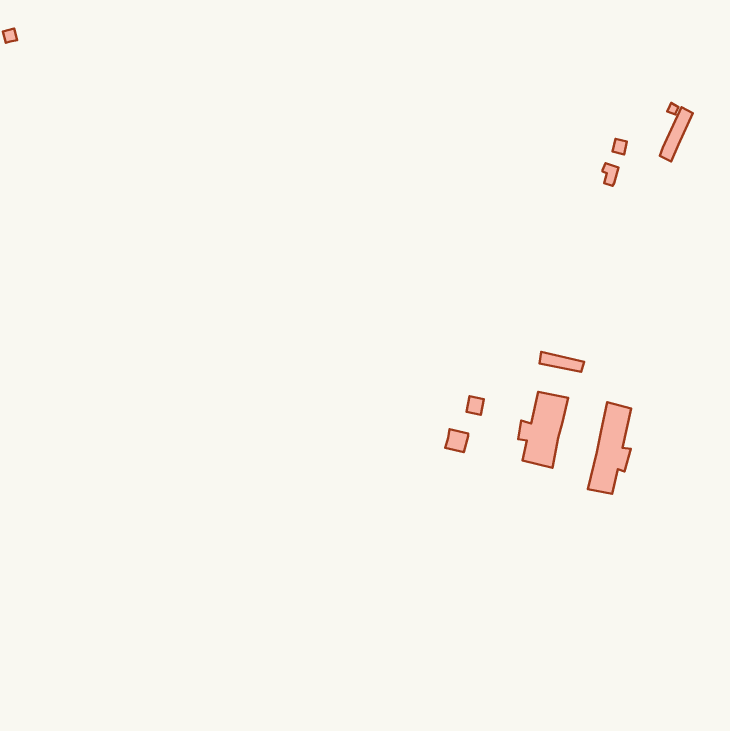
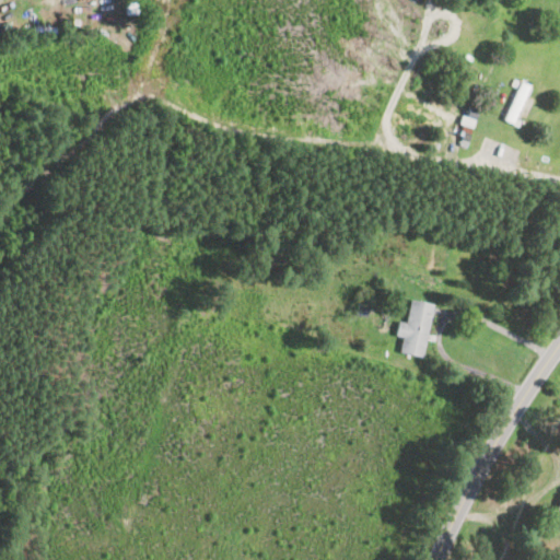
building: [588,402,631,494] -> none

